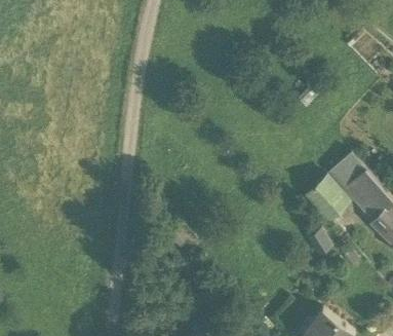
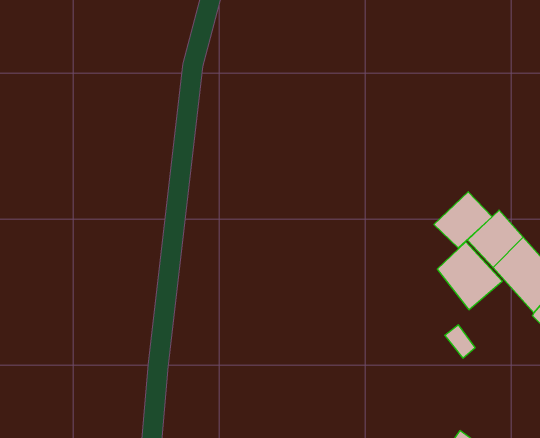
building: none -> [434,192,492,248]

